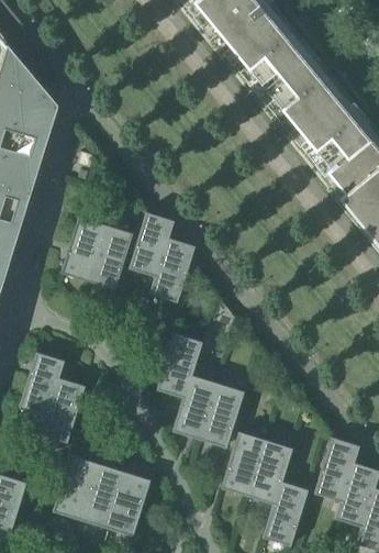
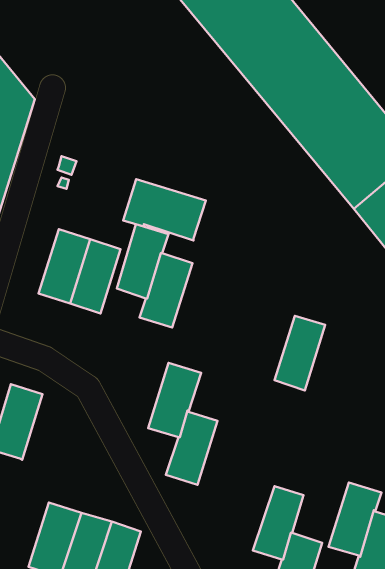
building: none -> [123,179,206,241]
building: [41,378,87,443] -> none
building: [201,384,245,449] -> [275,316,325,390]
building: [222,432,268,497] -> none

